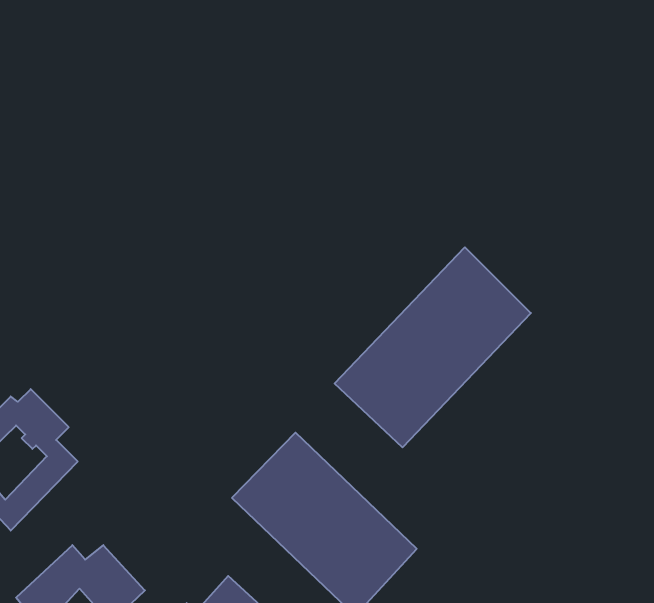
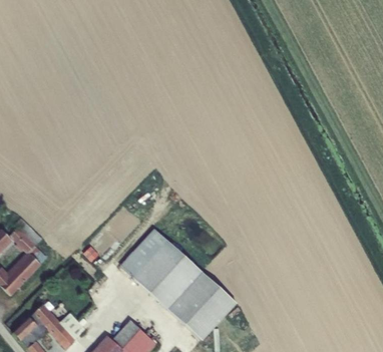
building: [335,247,531,447] -> none
building: none -> [119,230,167,277]

